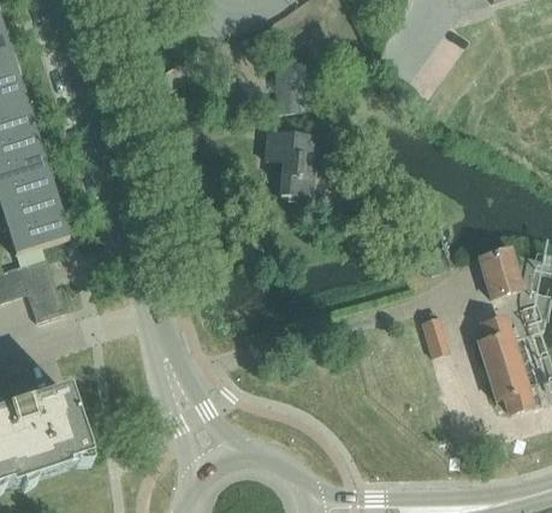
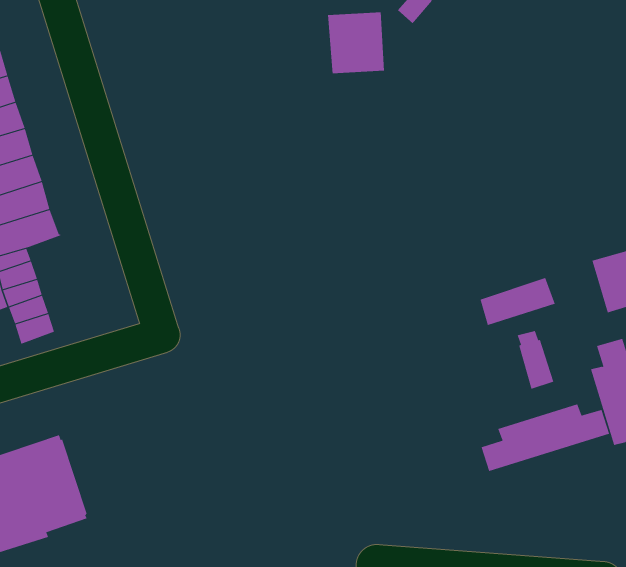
building: [265,129,316,194] -> none
building: none -> [480,277,555,326]
building: none -> [481,403,610,472]

